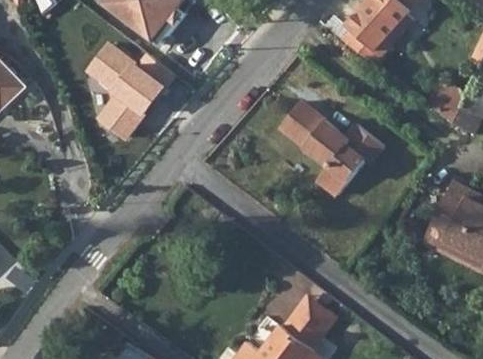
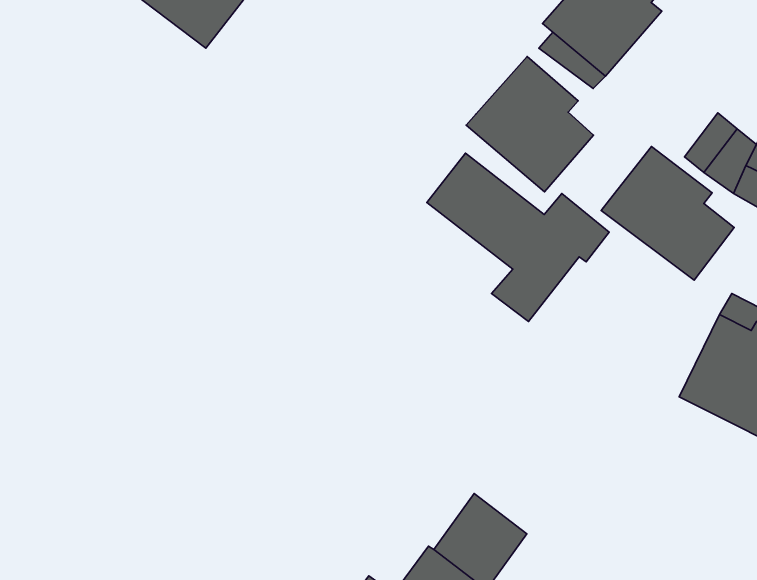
building: [82,44,172,144] -> none
building: none -> [466,57,594,192]
building: none -> [601,147,734,280]

